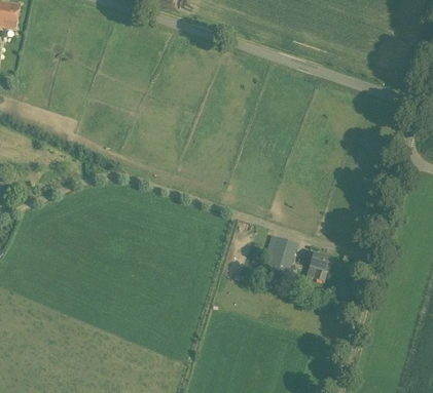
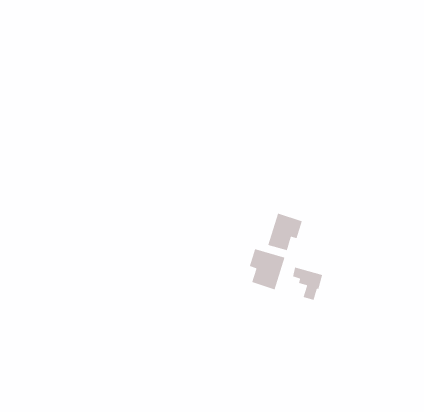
building: none -> [267,213,303,251]

